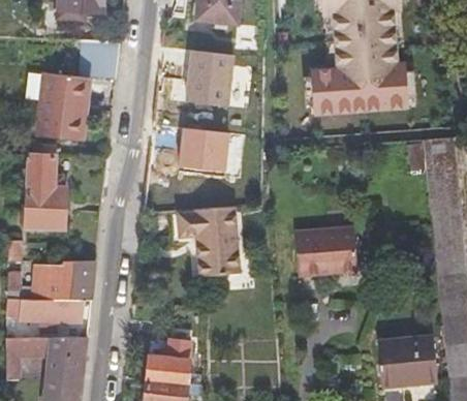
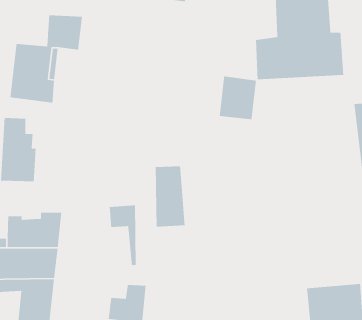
building: [190,54,232,102] -> none
building: [184,124,226,174] -> [219,76,257,120]
building: [169,210,200,278] -> [109,205,137,266]
building: [294,232,369,273] -> none

